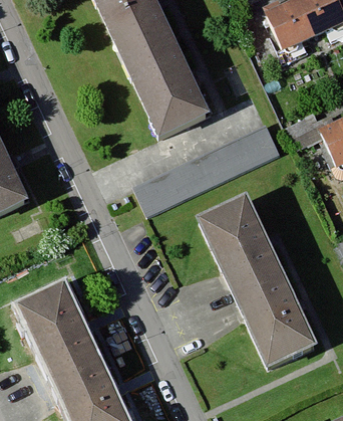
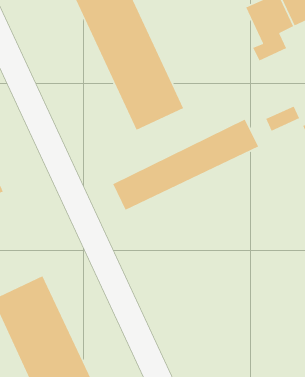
building: [199,195,319,368] -> none

